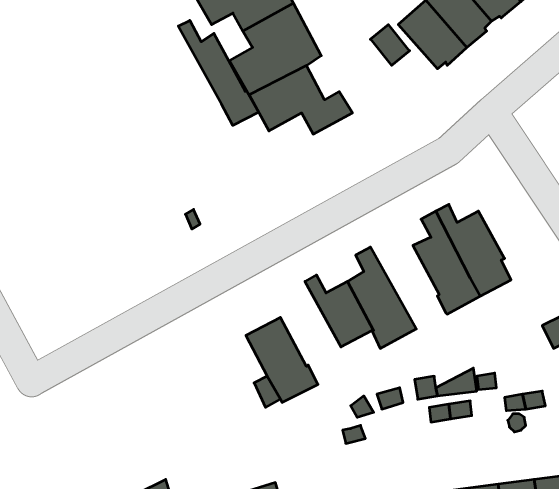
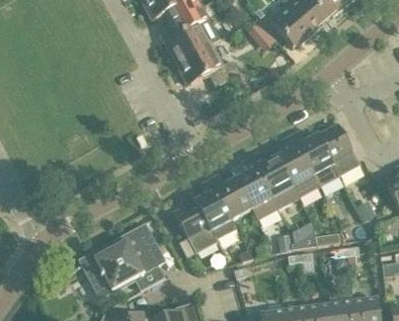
building: [178,20,258,125] -> none
building: none -> [317,125,360,178]
building: none -> [250,154,297,209]
building: none -> [194,179,237,241]
building: none -> [82,221,168,298]

